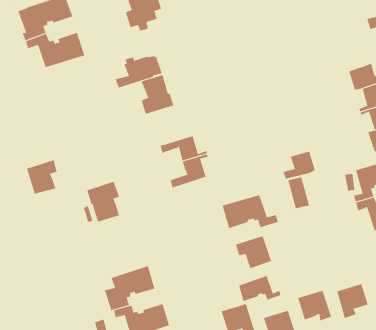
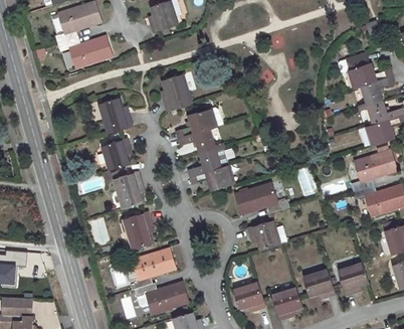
building: [115,56,162,88] -> [180,109,223,138]
building: none -> [98,99,132,134]
building: [283,151,315,180] -> none
building: [26,160,57,194] -> [102,138,130,169]
building: none -> [194,165,233,190]
building: none -> [123,211,152,249]
building: [239,275,281,302] -> none

